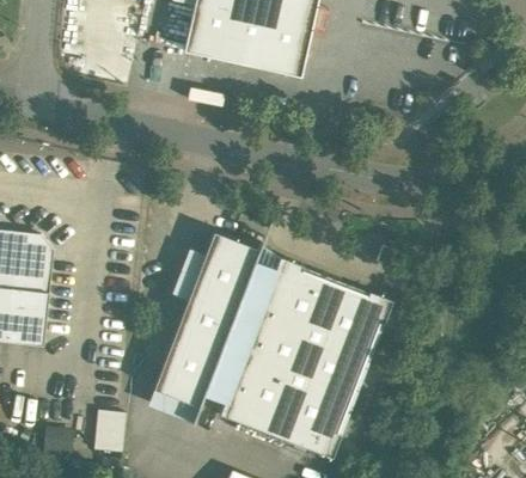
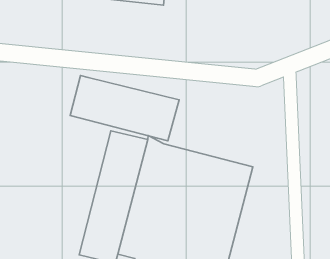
building: none -> [70,76,179,141]

